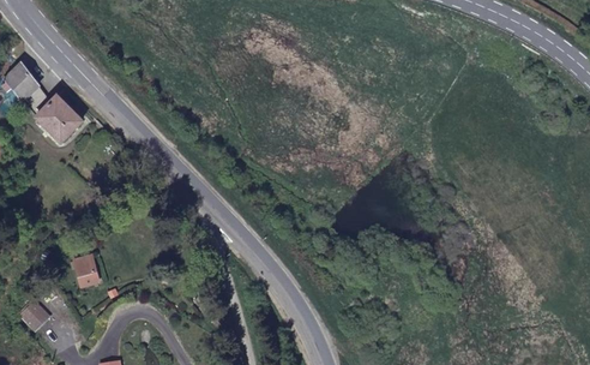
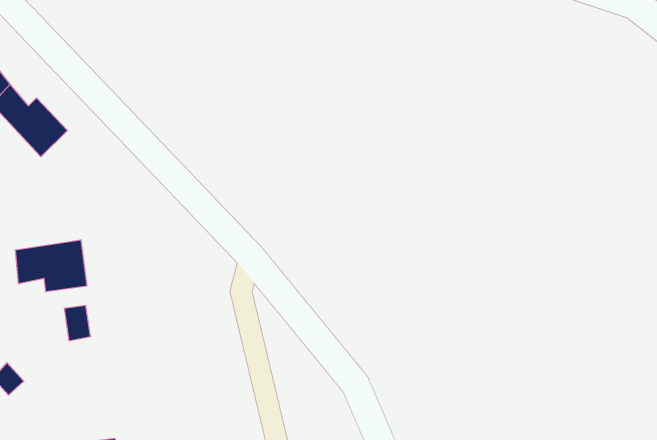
building: none -> [15,240,87,292]

